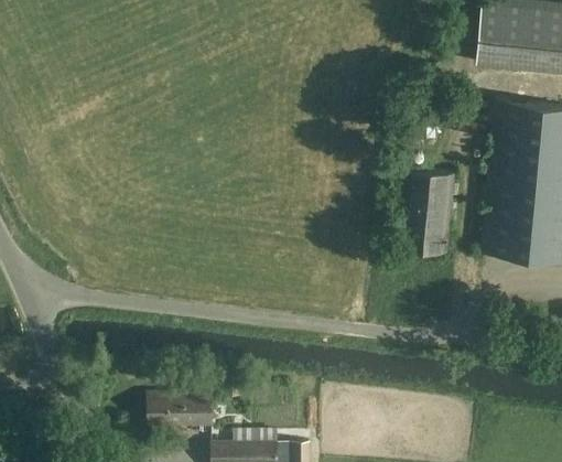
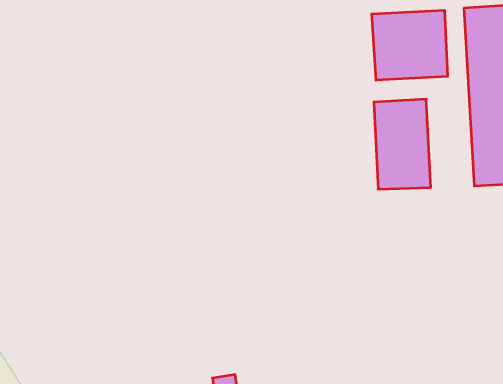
building: none -> [372,10,448,80]

